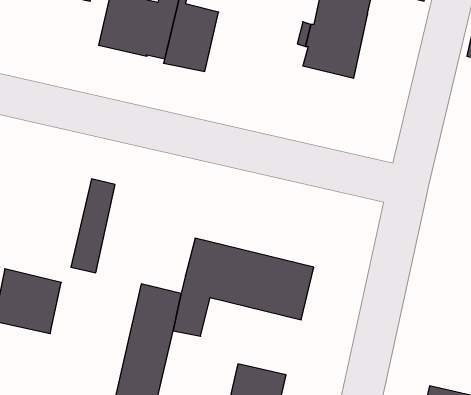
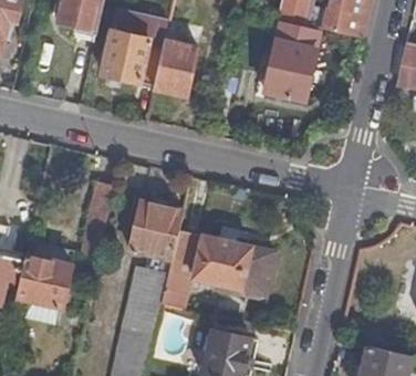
building: none -> [127,200,183,259]

